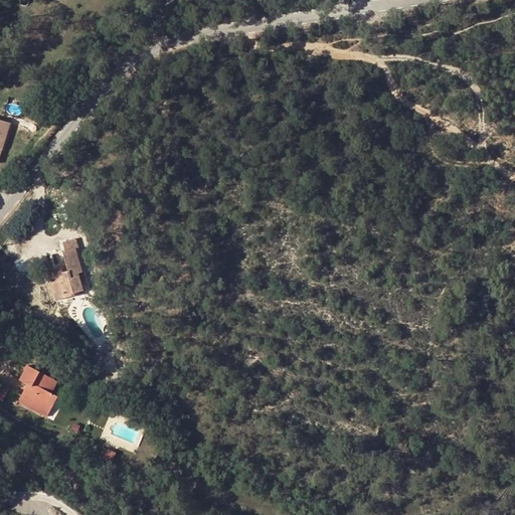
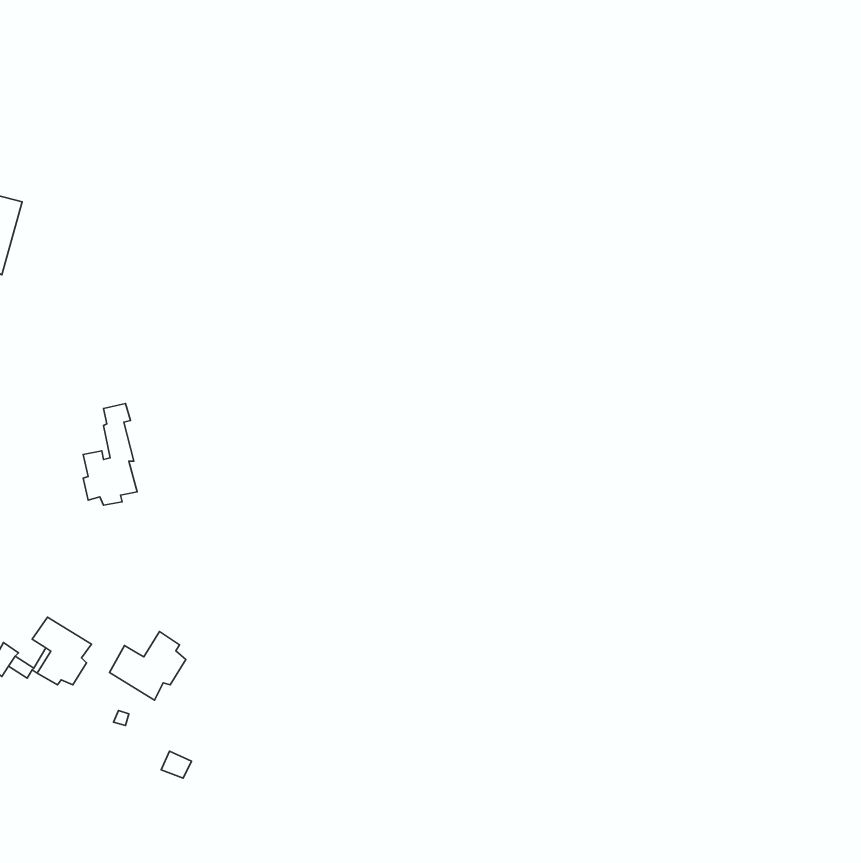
building: none -> [110,632,186,700]

